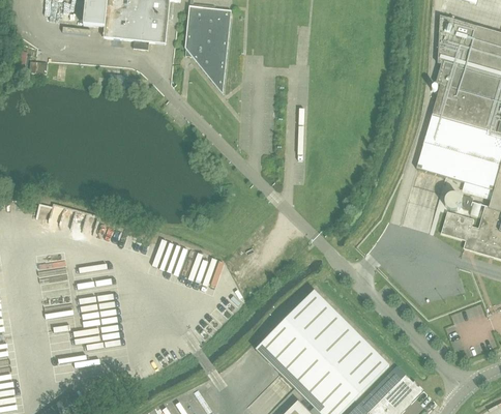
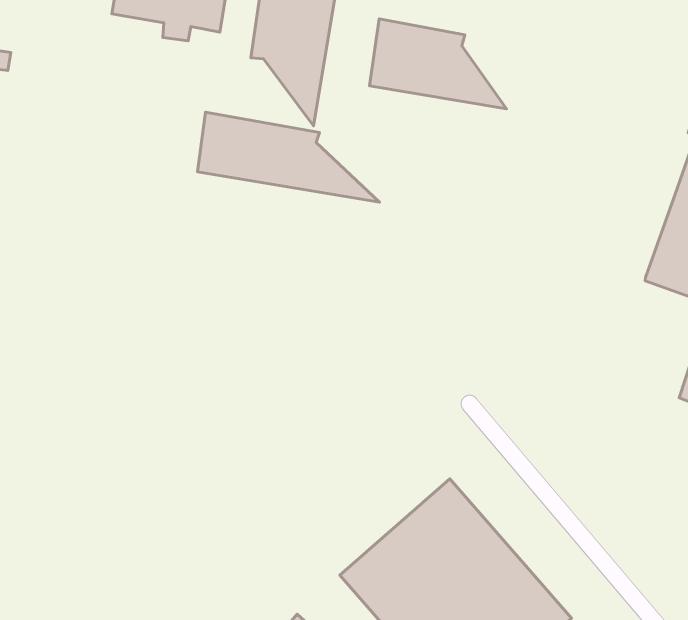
building: none -> [370,19,506,109]
building: none -> [198,112,379,202]

